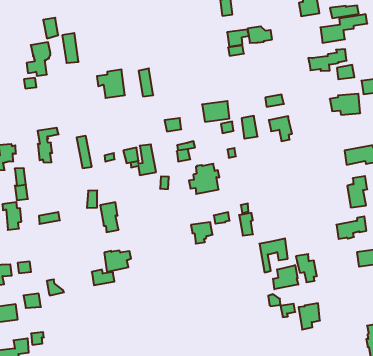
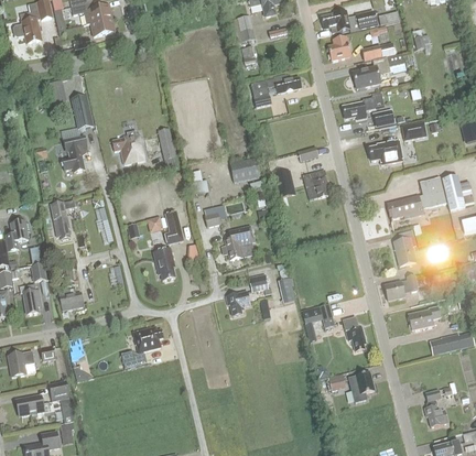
building: [27,42,50,76] -> [61,134,86,172]
building: [100,202,119,232] -> [152,247,174,280]
building: [273,265,298,289] -> none

